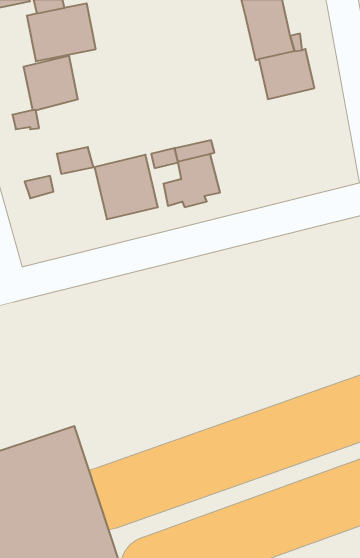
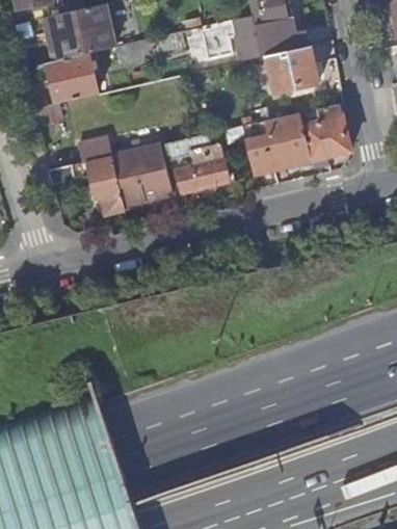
building: none -> [181,17,260,60]
building: none -> [241,105,350,175]
building: none -> [90,157,125,216]

